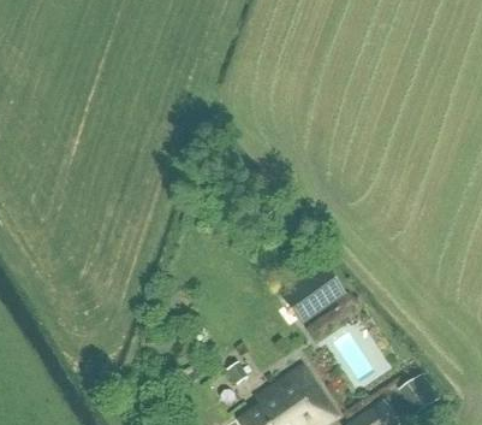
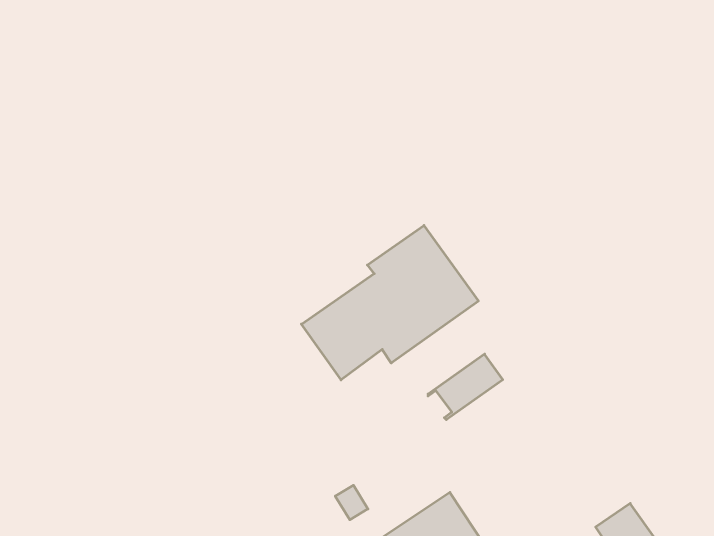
building: none -> [301,225,478,380]

